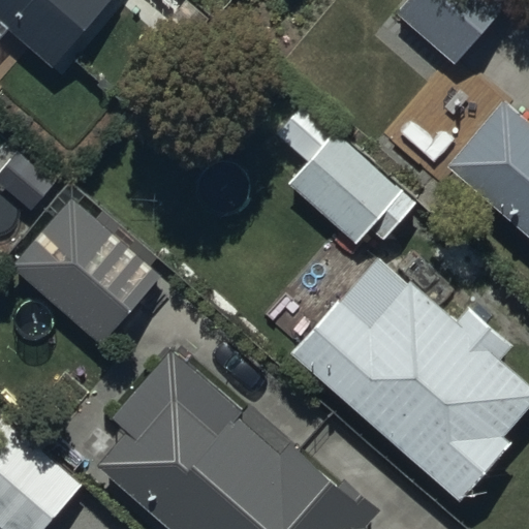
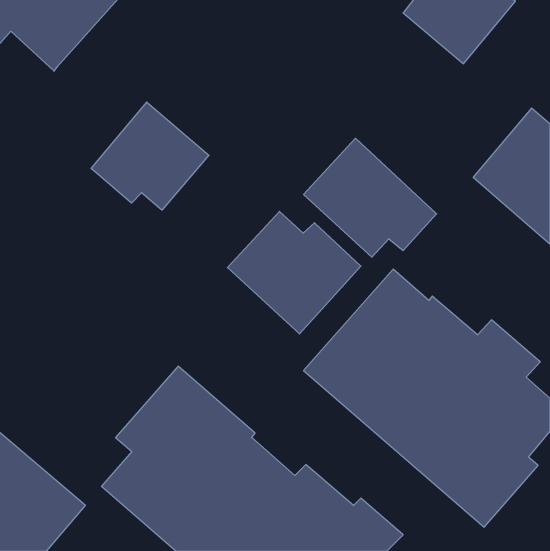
building: none -> [91,102,209,210]
building: [12,197,163,345] -> none
building: none -> [227,211,361,334]

